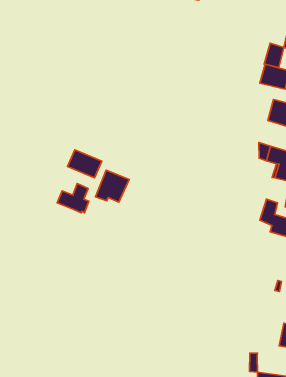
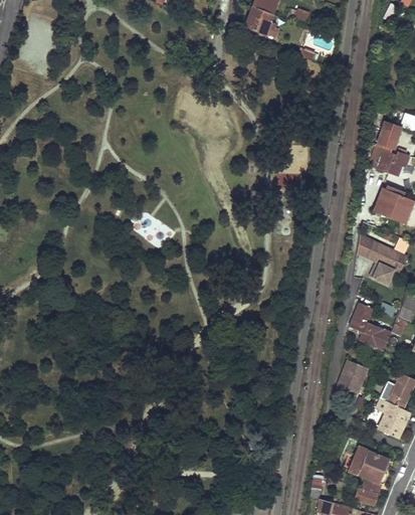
building: [95,170,129,202] -> none
building: [57,184,89,213] -> none
building: none -> [337,359,368,393]

